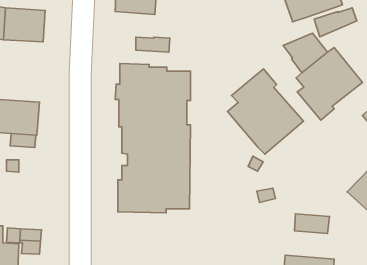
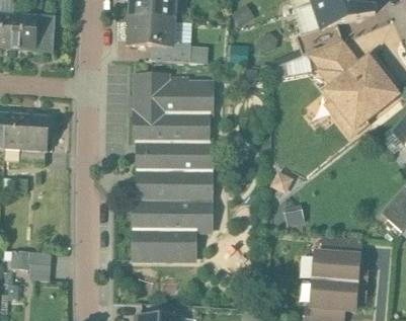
building: [314,8,357,37] -> [296,24,341,56]
building: none -> [129,18,173,47]
building: [228,69,304,154] -> none
building: none -> [134,230,194,258]
building: none -> [313,252,367,284]

